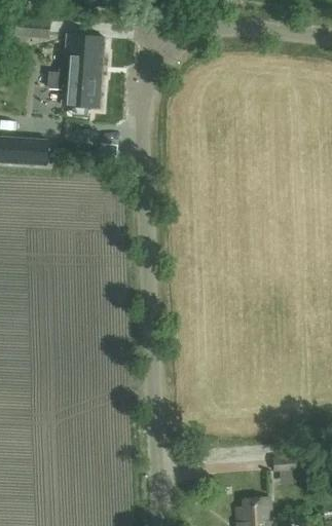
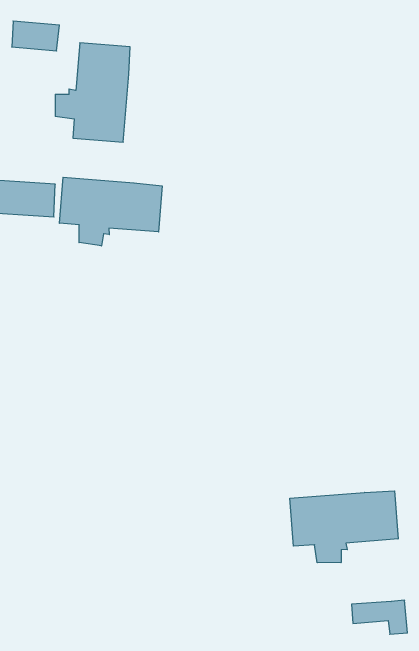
building: none -> [59,177,162,246]
building: none -> [290,491,398,563]

